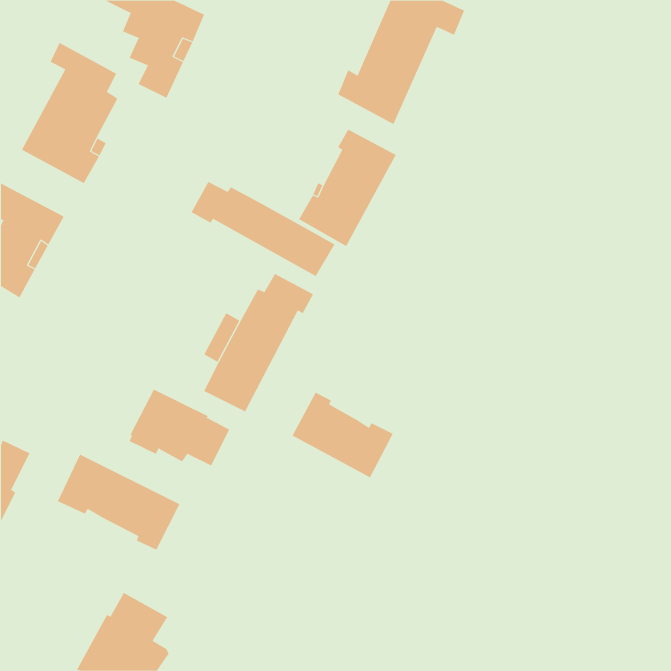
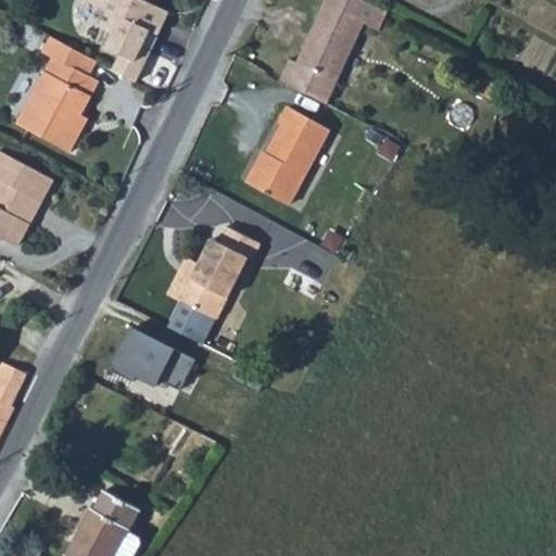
building: [191,181,335,277] -> none
building: [292,392,393,478] -> none
building: [57,454,180,550] -> none

